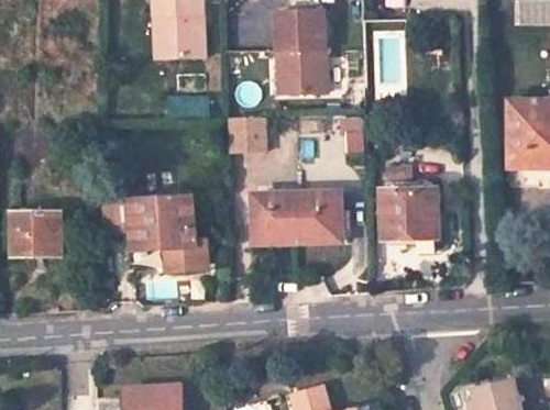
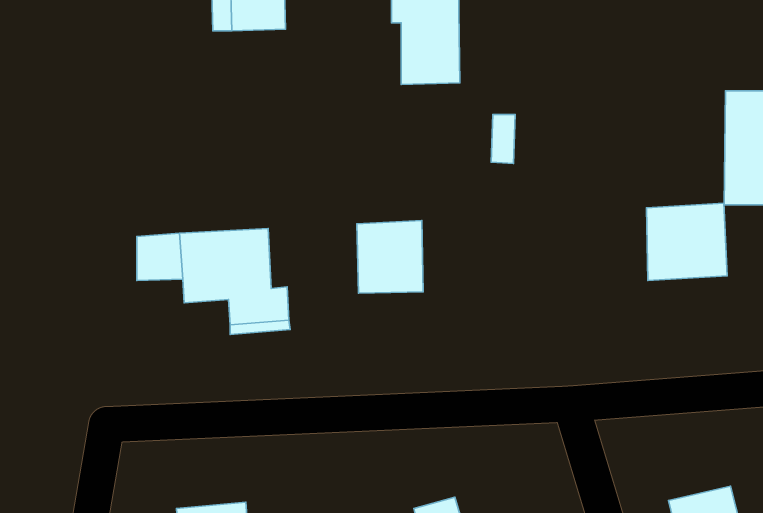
building: [230,118,265,152] -> none
building: [383,186,439,240] -> [646,203,727,281]
building: [298,191,341,241] -> none
building: [11,213,59,254] -> none

